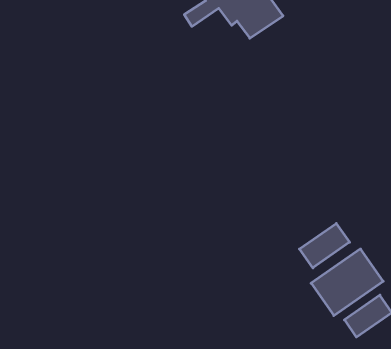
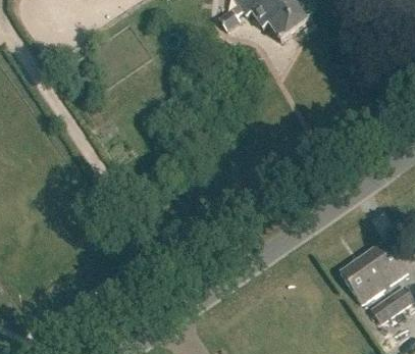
building: [299,223,350,268] -> none

